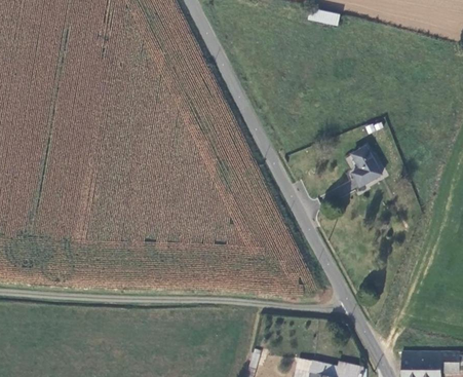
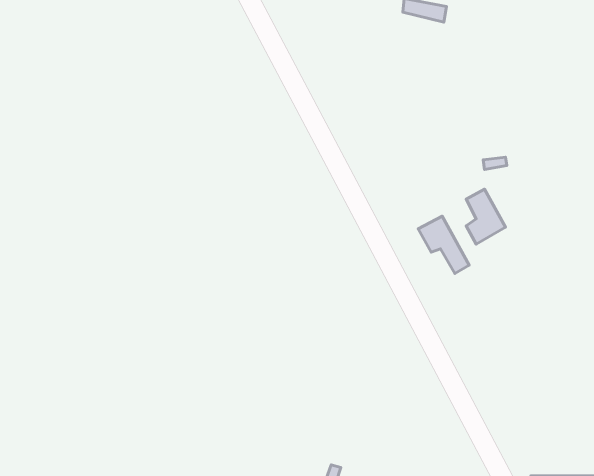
building: none -> [418,216,469,273]

